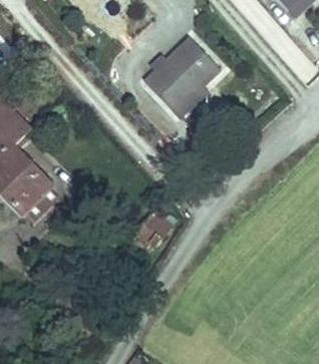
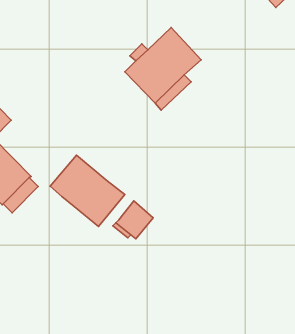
building: none -> [50,155,125,227]

